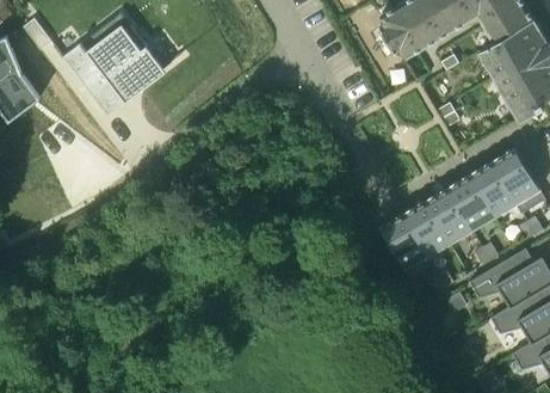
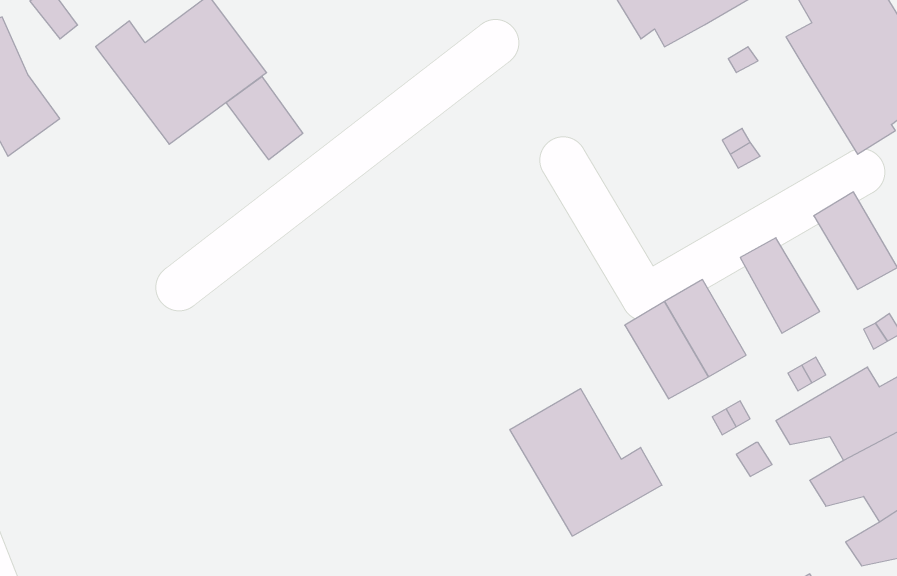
building: none -> [226,77,303,160]
building: [470,158,519,215] -> none
building: [426,183,474,241] -> none
building: none -> [510,389,662,536]

